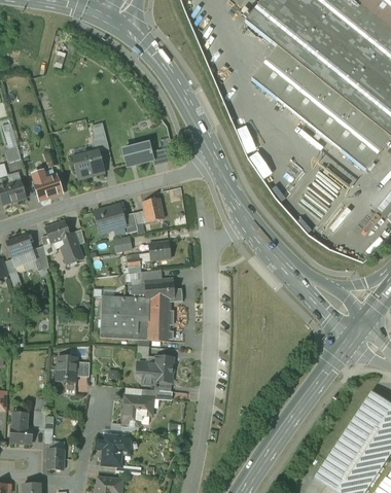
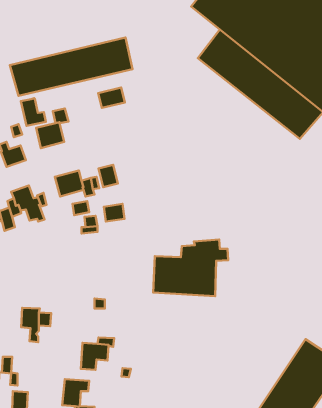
building: none -> [10,38,133,96]
building: none -> [21,98,46,126]
building: [122,142,152,165] -> [98,88,125,108]
building: [100,277,183,340] -> [153,240,228,296]
building: [137,355,173,383] -> none

